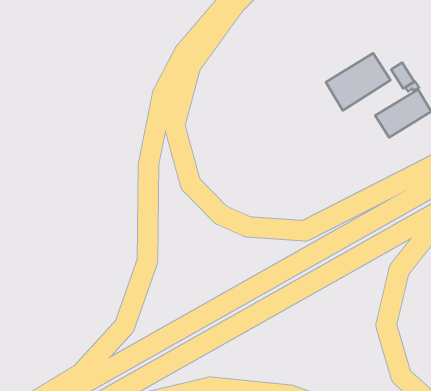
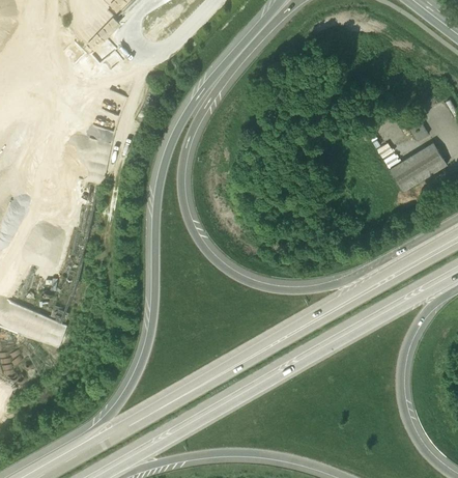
building: [326,53,391,110] -> none

